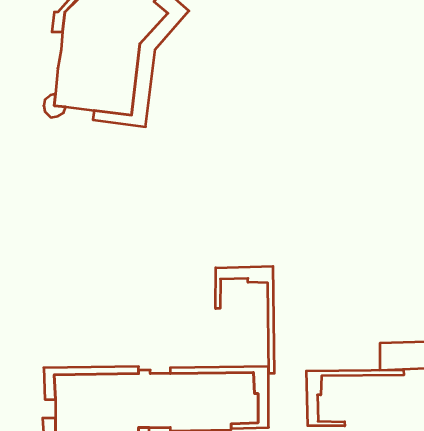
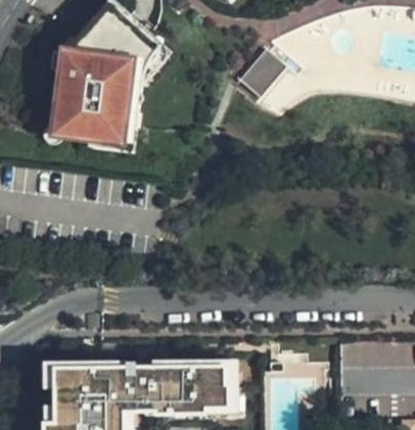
building: none -> [232,46,281,98]
building: [216,266,274,374] -> none
building: [306,370,404,426] -> none

